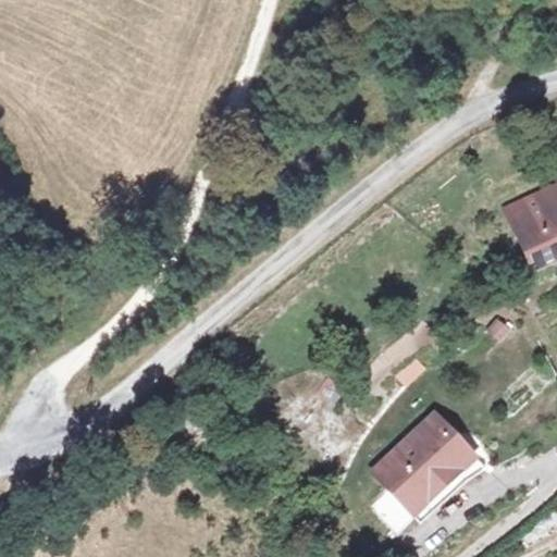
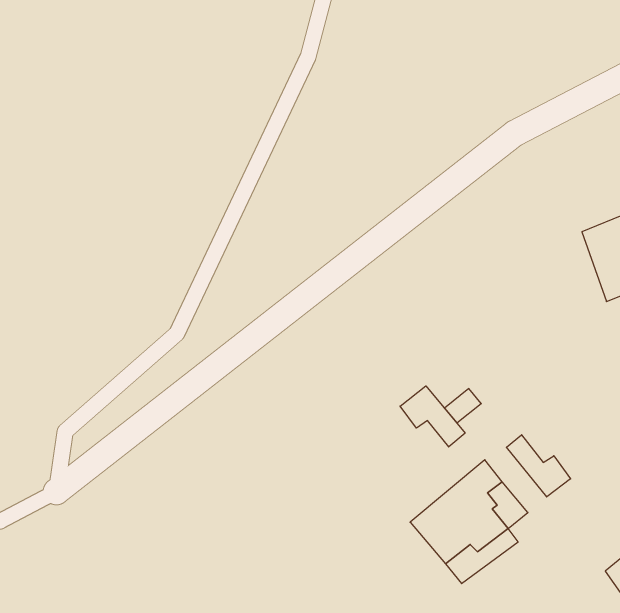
building: none -> [400,386,465,447]
building: none -> [506,435,571,497]

